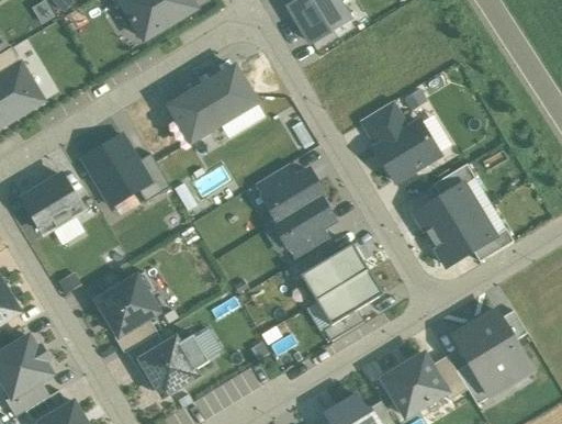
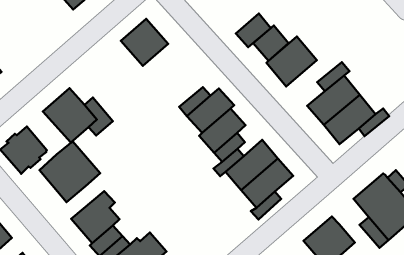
building: none -> [236,14,271,47]
building: [168,88,220,142] -> none
building: none -> [39,142,100,202]
building: [430,355,467,399] -> none

